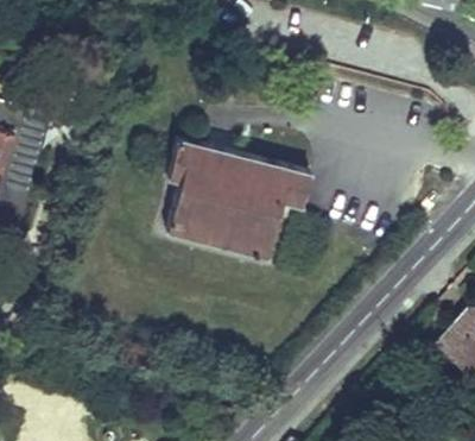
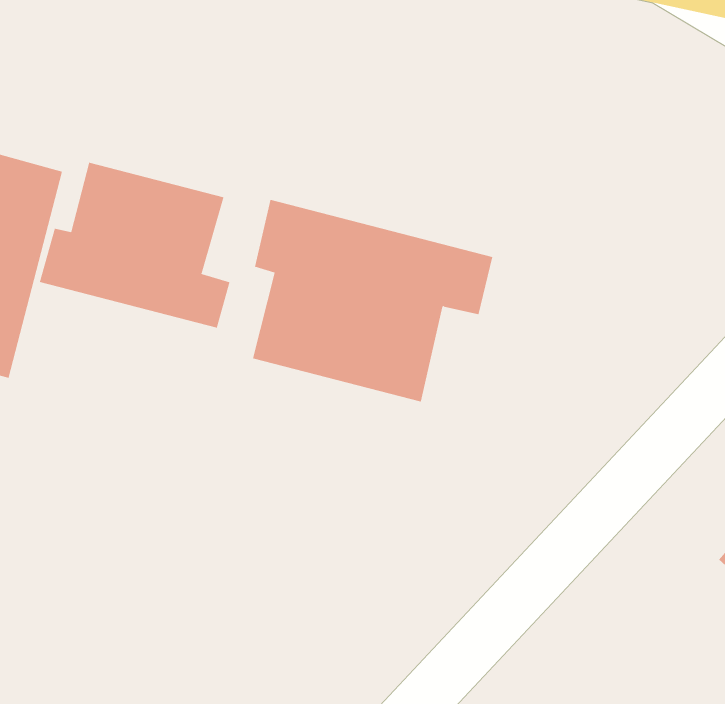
building: none -> [39,162,230,328]

